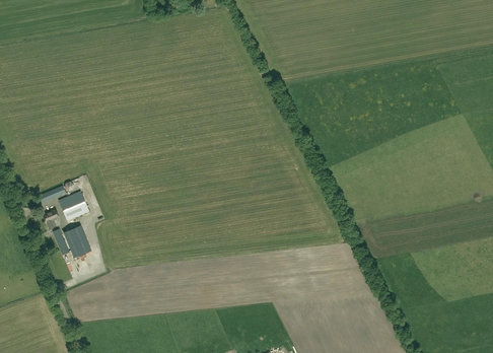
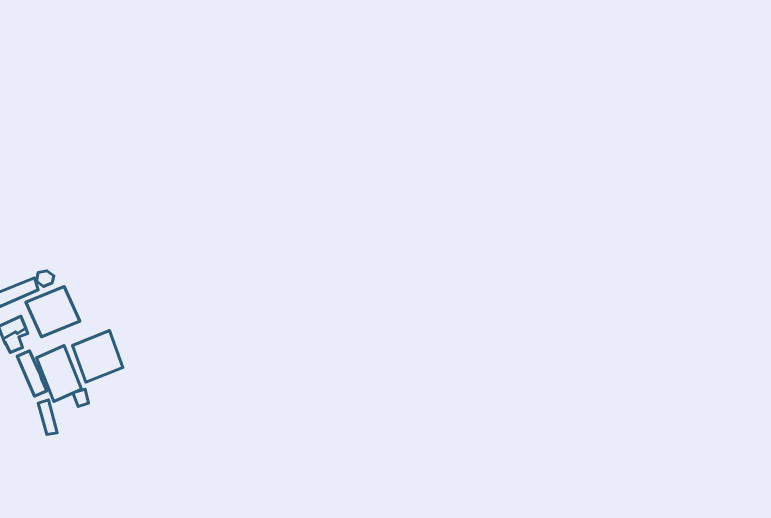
building: none -> [73,331,123,382]

